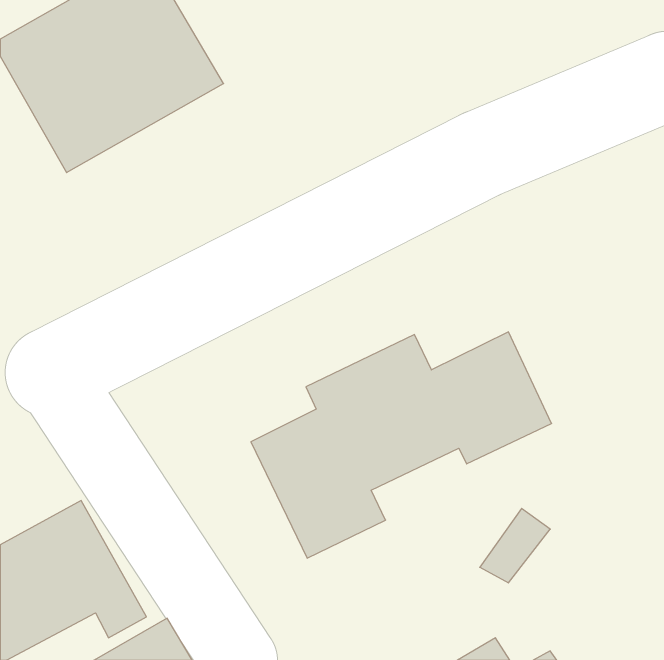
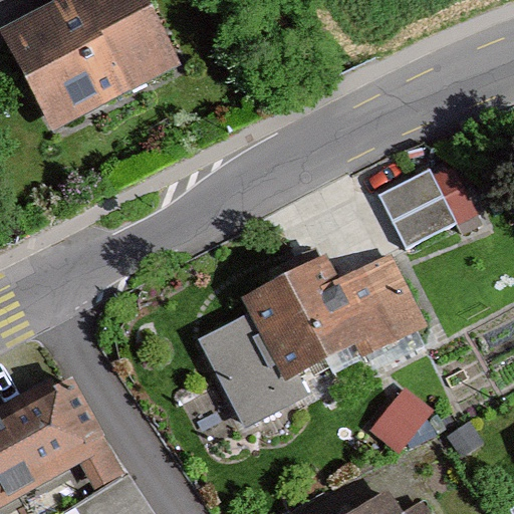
building: none -> [384,149,474,237]

